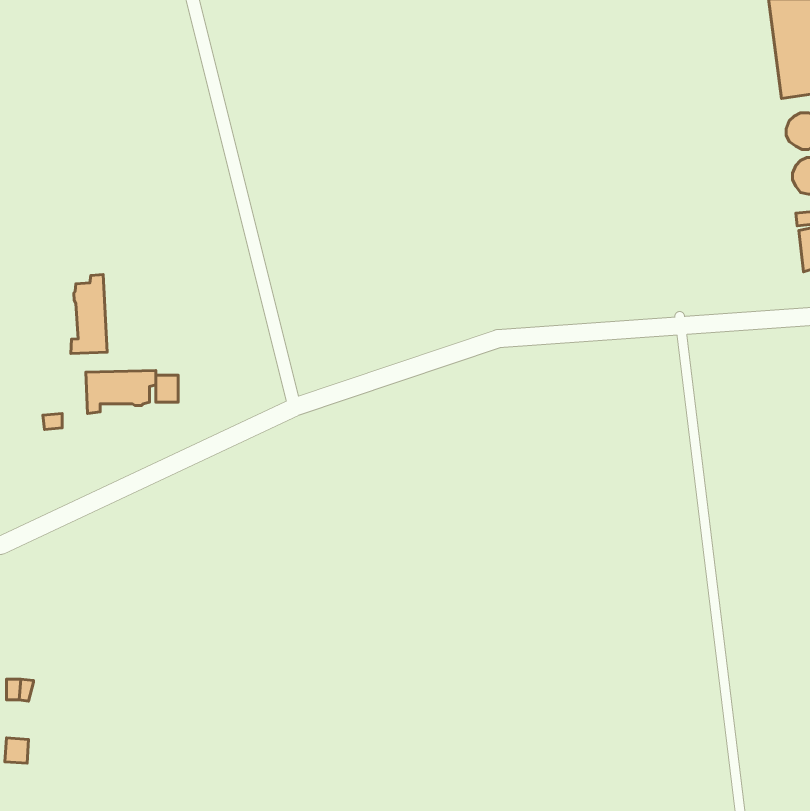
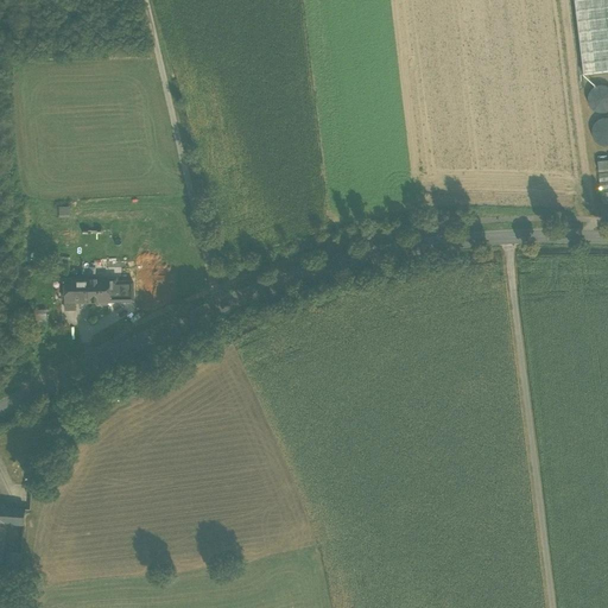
building: [71,274,107,353] -> none

